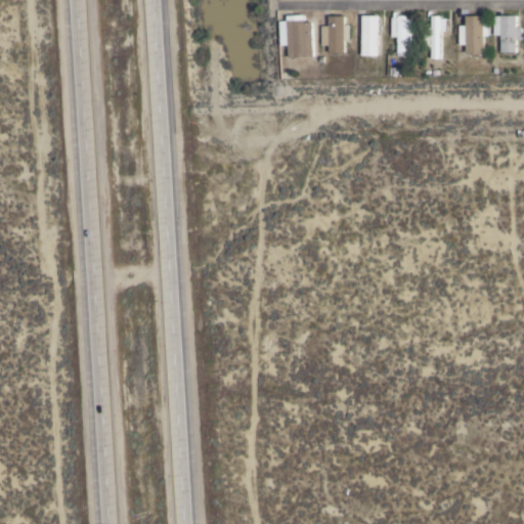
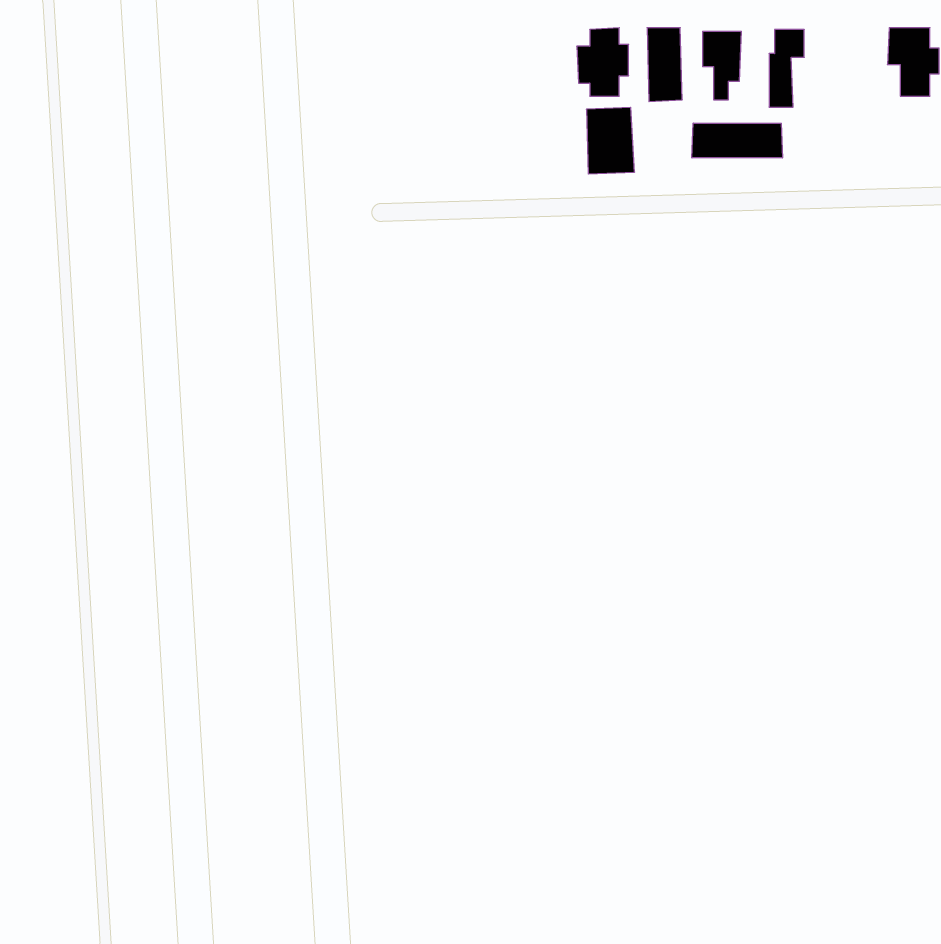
building: [467,16,483,53] -> none
building: [288,20,314,57] -> [586,107,635,174]
building: none -> [692,123,782,158]

